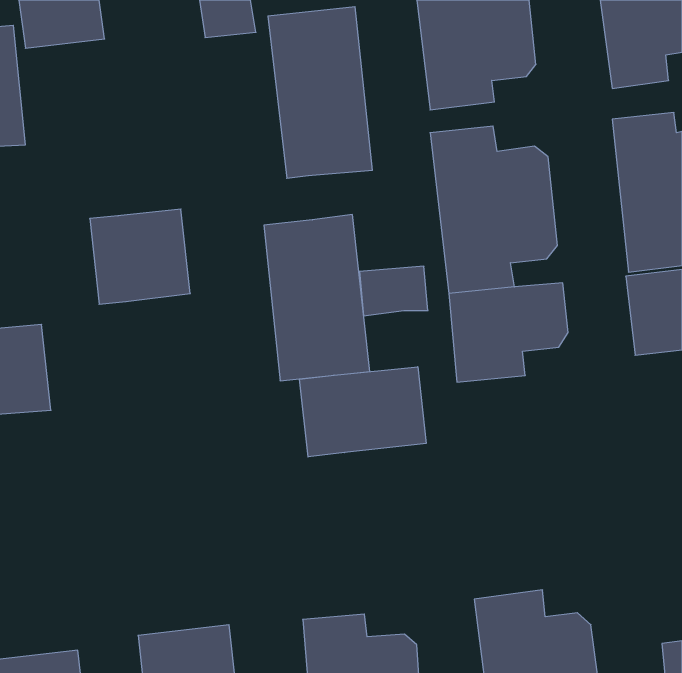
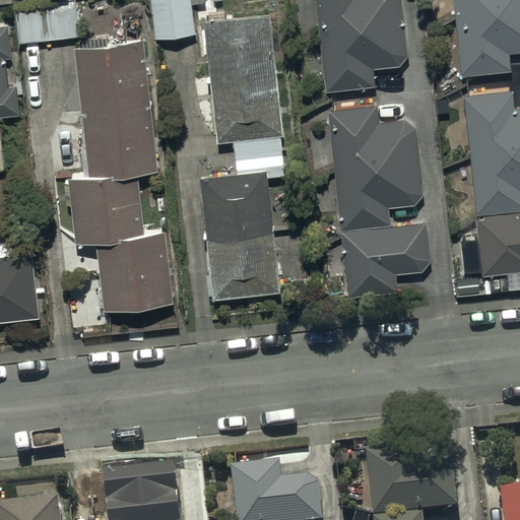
building: none -> [75,40,157,173]
building: [360,266,428,316] -> [234,138,285,176]
building: none -> [95,230,173,309]
building: [299,367,426,457] -> none

